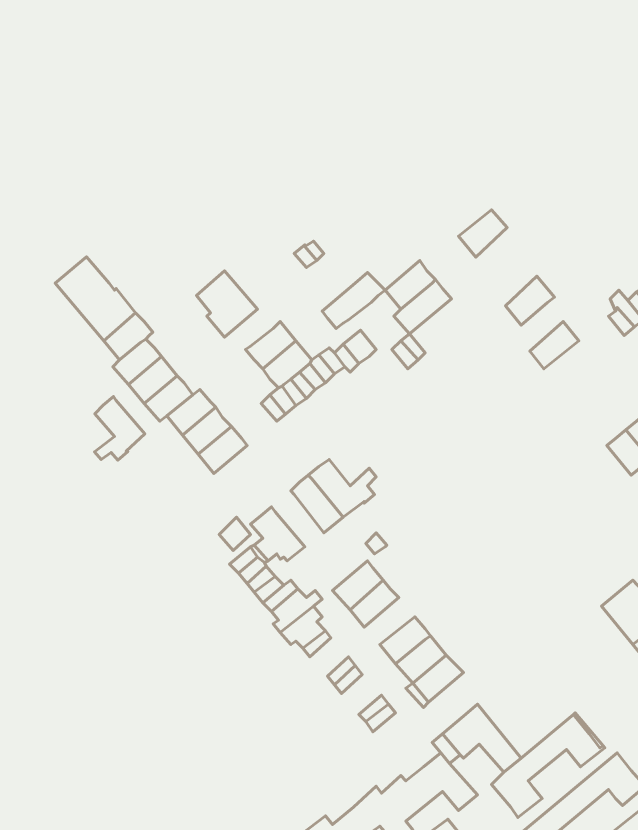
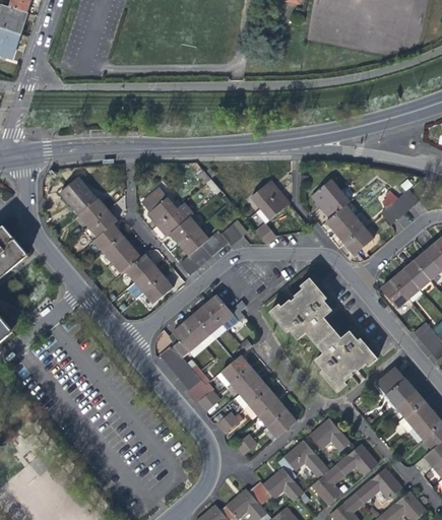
building: [458,210,507,257] -> [311,180,339,207]
building: [322,273,385,329] -> [157,203,194,236]
building: none -> [326,205,355,234]
building: none -> [343,228,373,255]
building: [95,397,145,460] -> none
building: none -> [271,278,379,392]
building: none -> [185,315,215,347]
building: none -> [239,377,268,404]
building: none -> [310,418,352,452]

